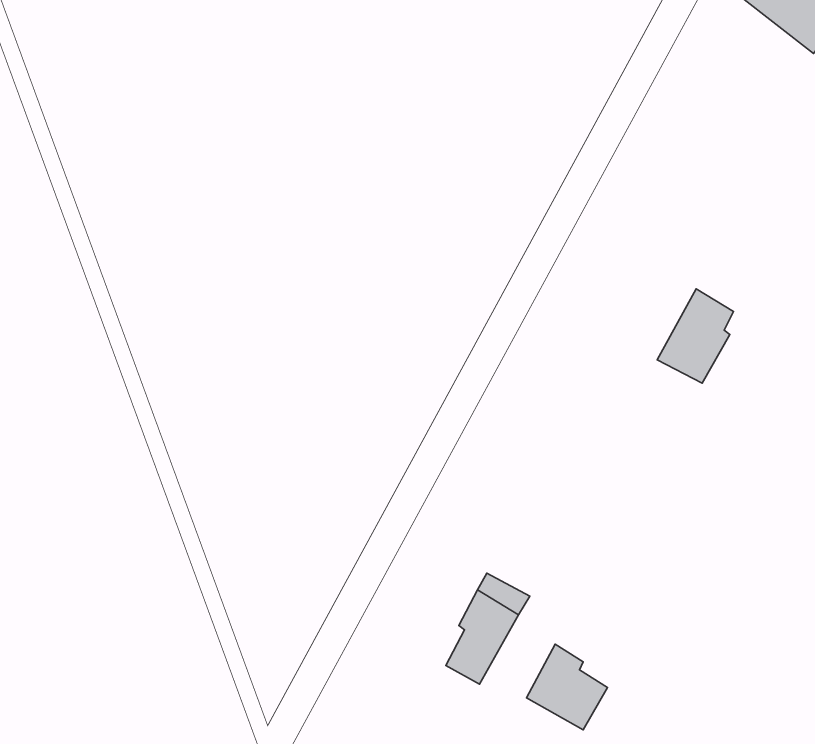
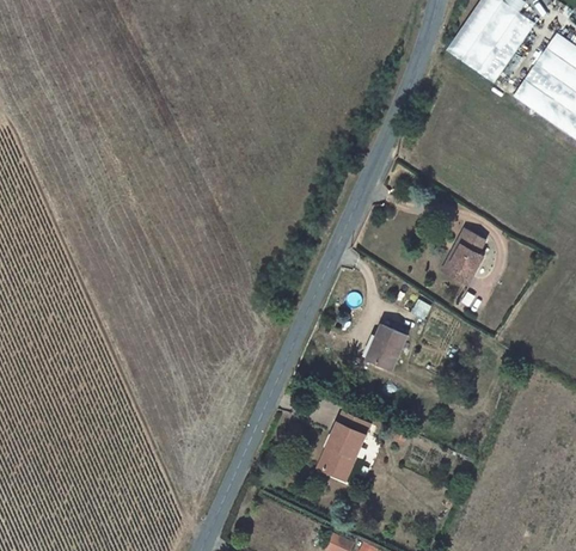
building: none -> [360,327,398,373]
building: [526,644,607,730] -> none

